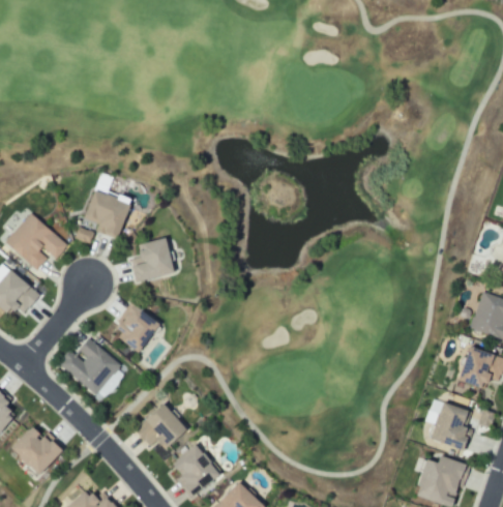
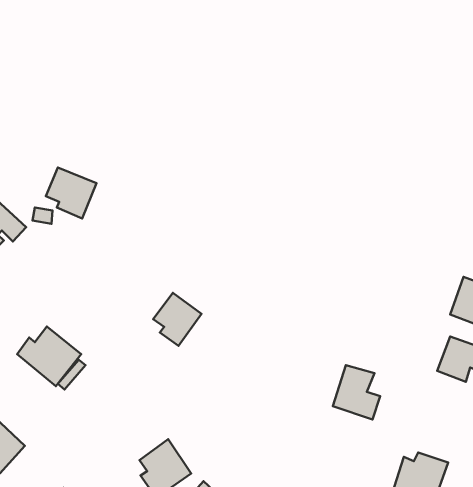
building: [132,237,178,281] -> none
building: [117,303,162,353] -> [153,293,202,346]
building: [425,401,470,452] -> [333,365,380,419]
building: [135,404,189,447] -> none

